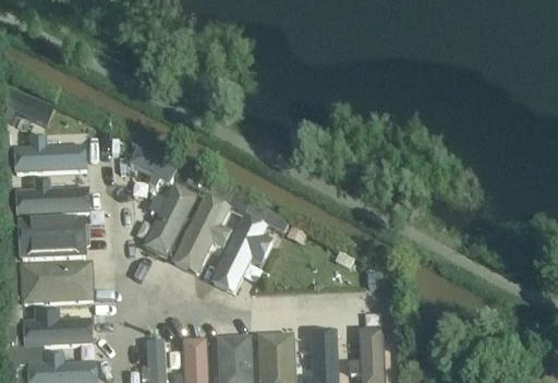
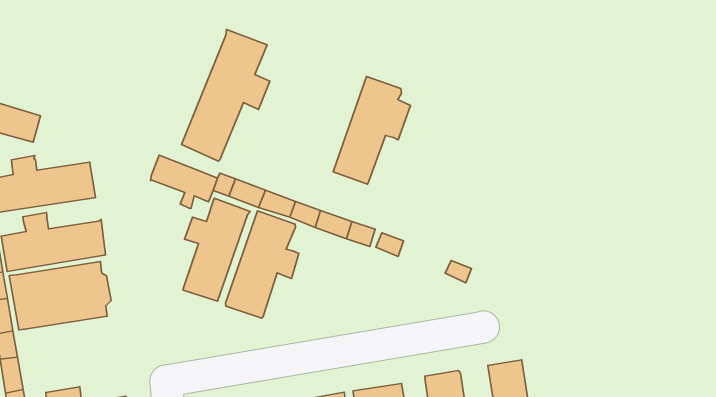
building: none -> [182,30,270,161]
building: [210,214,272,292] -> [333,76,410,184]
building: [20,260,94,303] -> none

